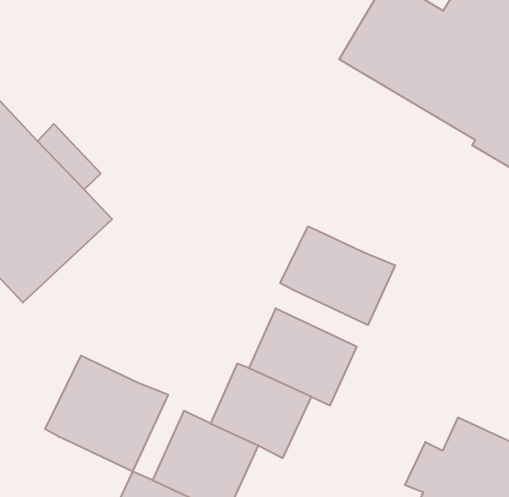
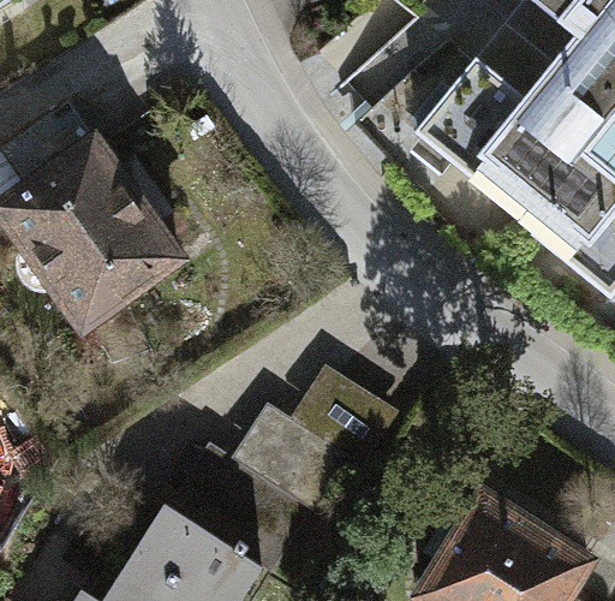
building: [280,226,395,325] -> none
building: [45,355,168,472] -> none

